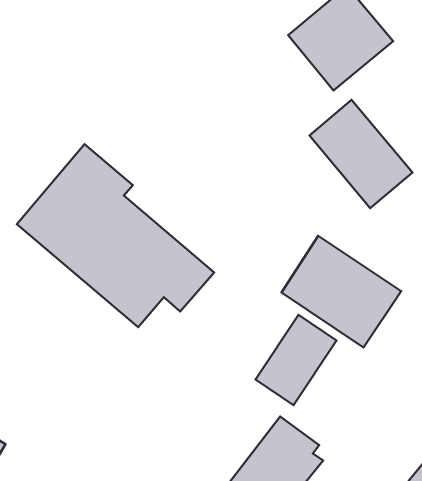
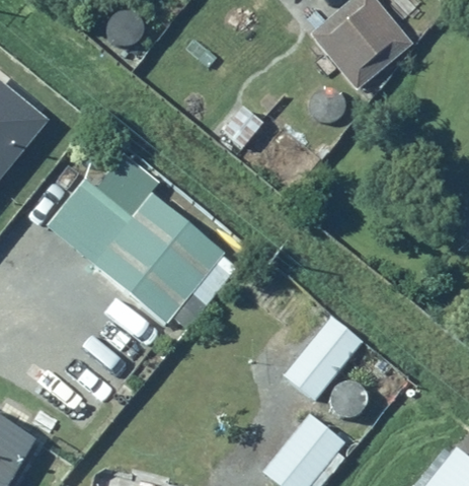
building: [309,100,412,208] -> none
building: [282,236,401,348] -> none

